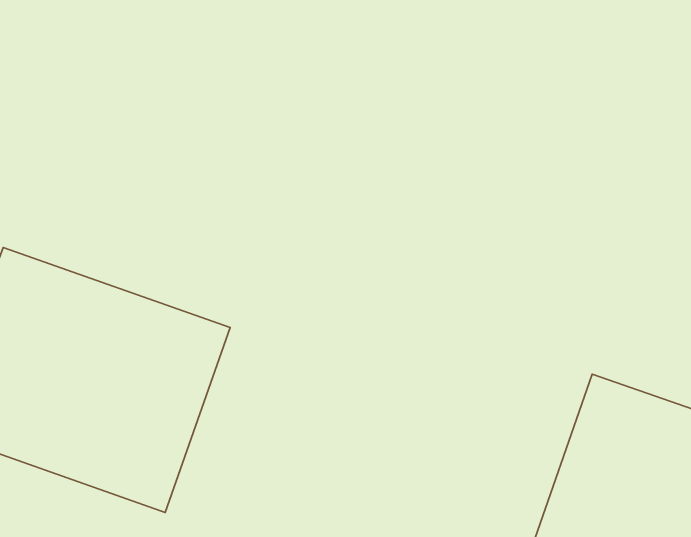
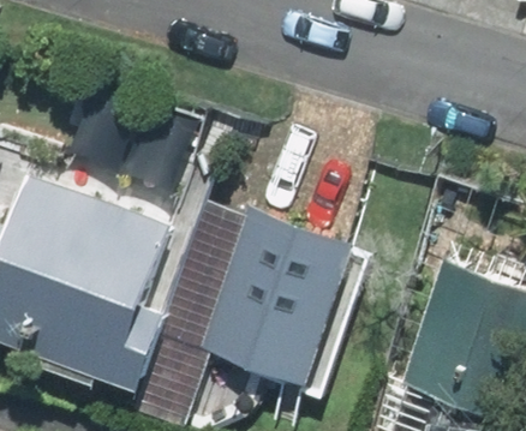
building: none -> [196,210,329,375]

